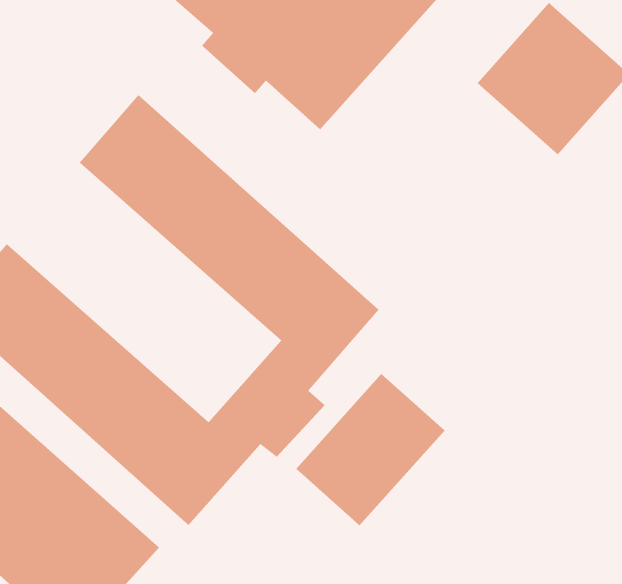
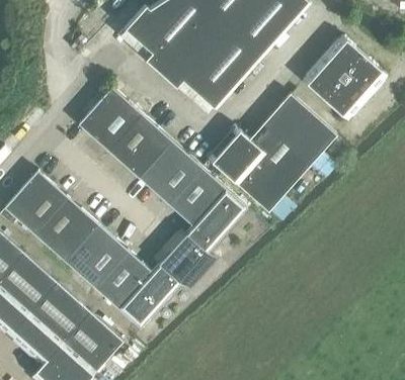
building: none -> [206,94,337,213]
building: [295,373,445,526] -> none

